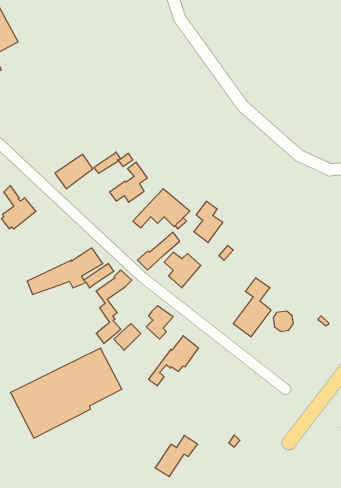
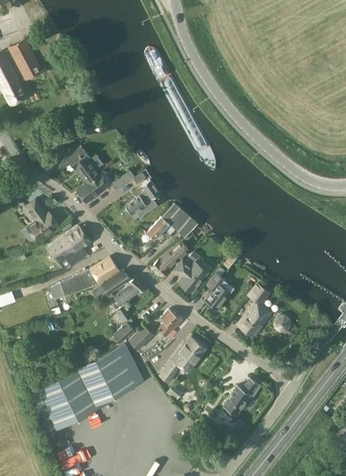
building: none -> [55,146,103,183]
building: [194,201,223,243] -> [204,273,230,311]
building: none -> [48,227,90,265]
building: [155,435,198,477] -> [223,377,261,414]

